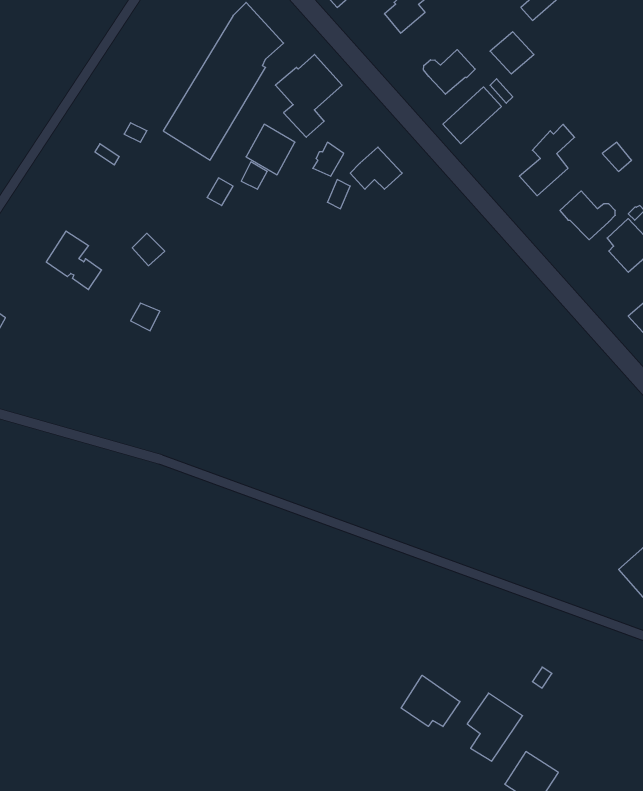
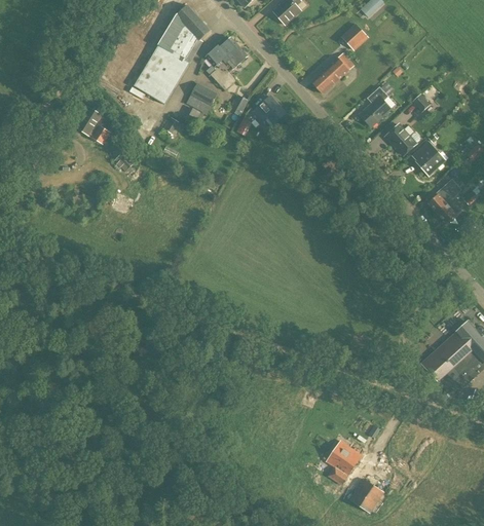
building: [423,50,475,94] -> none
building: [46,231,102,290] -> [75,107,110,144]
building: [401,675,460,727] -> none

